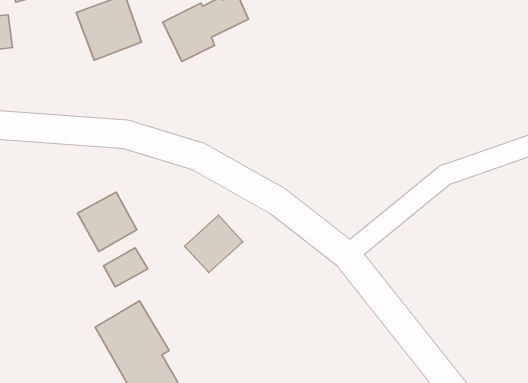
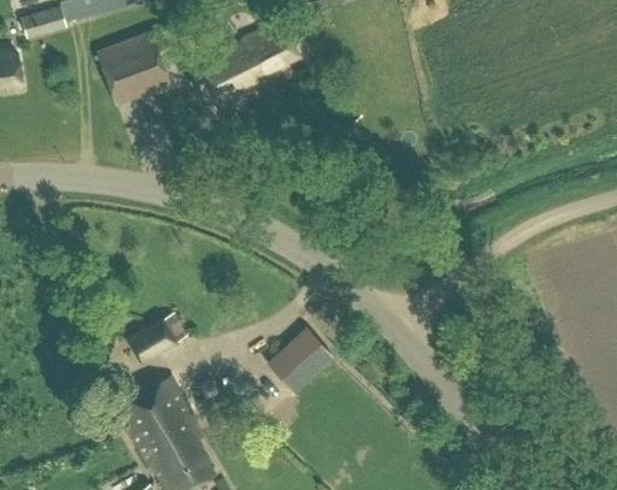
building: [78,192,137,252] -> none
building: [185,215,243,273] -> [269,326,335,391]

